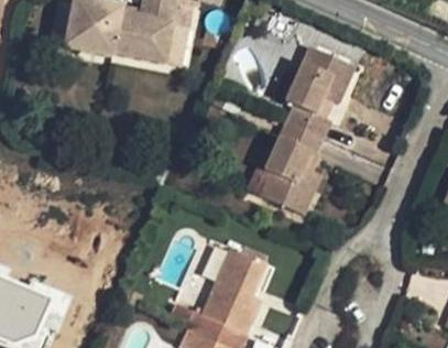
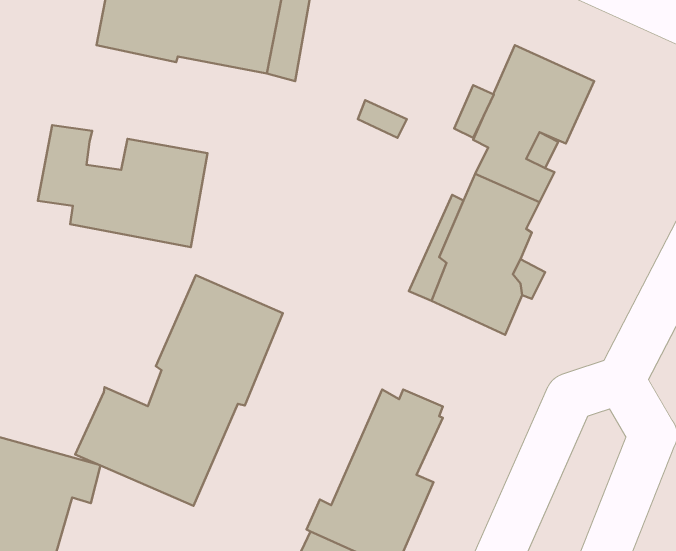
building: none -> [38,125,208,247]
building: none -> [75,275,283,506]

